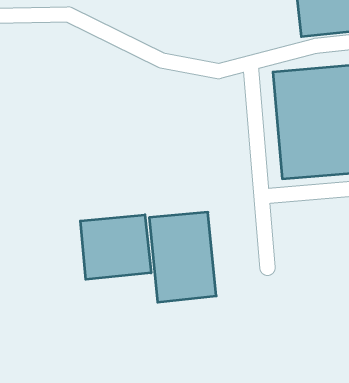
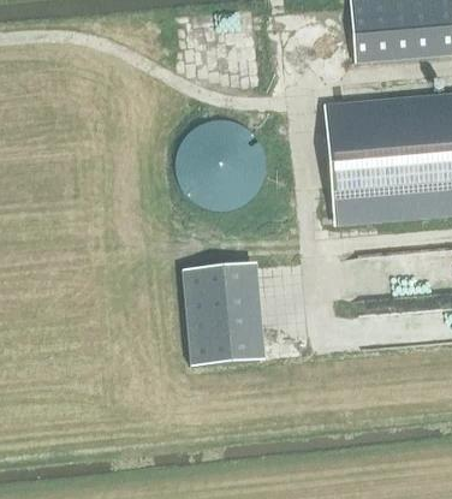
building: none -> [177,120,267,210]
building: [80,215,151,279] -> none

